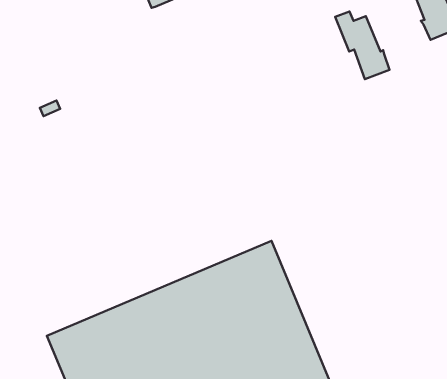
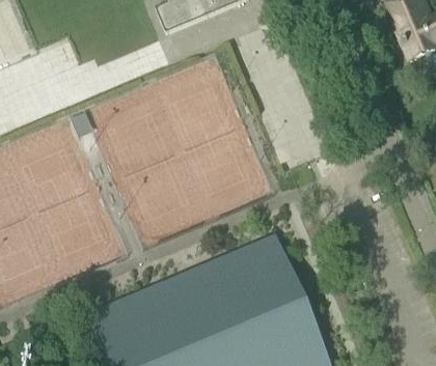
building: [335,12,390,79] -> none

